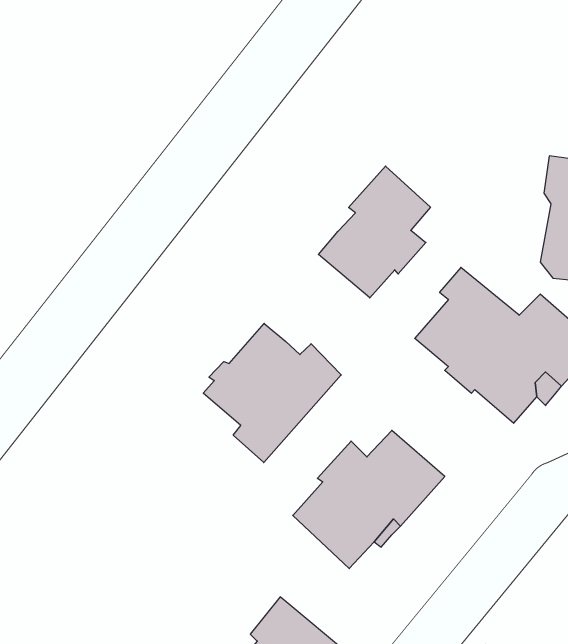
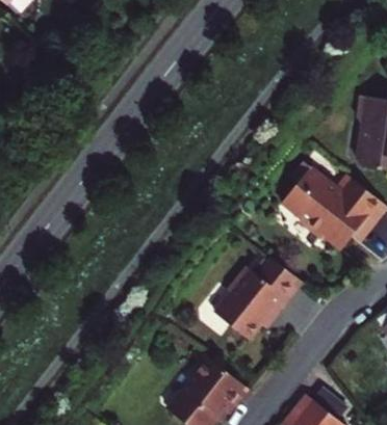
building: [318,166,430,298] -> none
building: [203,323,341,463] -> none

